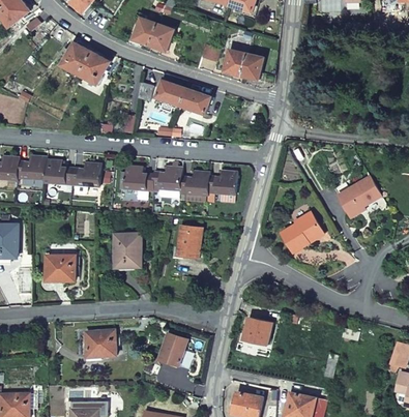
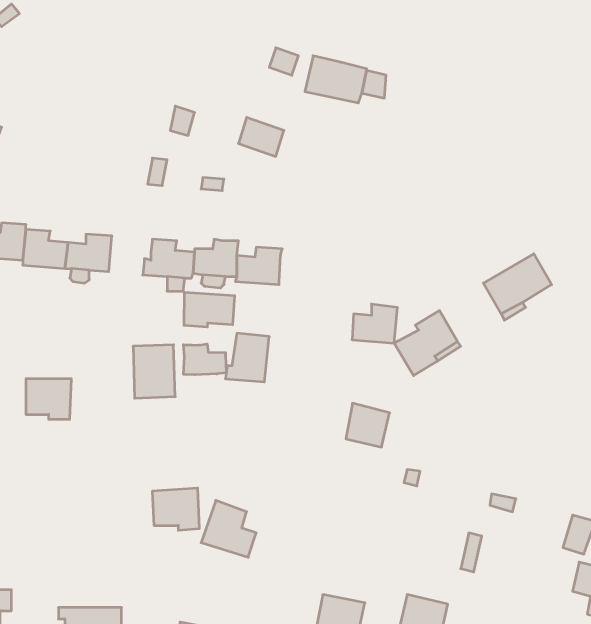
building: [134,19,174,51] -> none
building: [62,42,110,84] -> none
building: [156,80,186,106] -> none
building: [207,171,236,196] -> [352,304,397,343]
building: none -> [184,292,235,327]
building: none -> [183,344,226,375]
building: [243,318,271,346] -> [346,403,390,447]
building: [85,330,115,357] -> [152,488,199,530]

